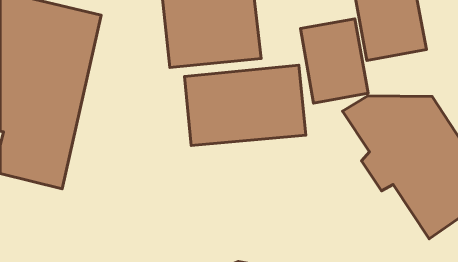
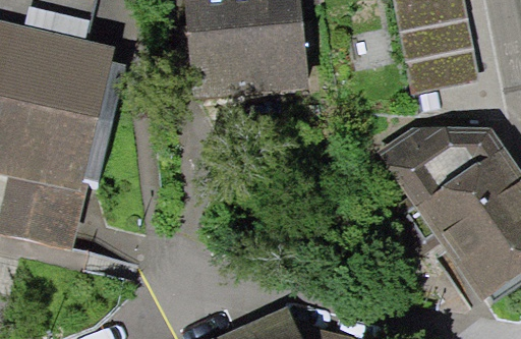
building: [301,19,368,103] -> none
building: [185,65,306,145] -> none

